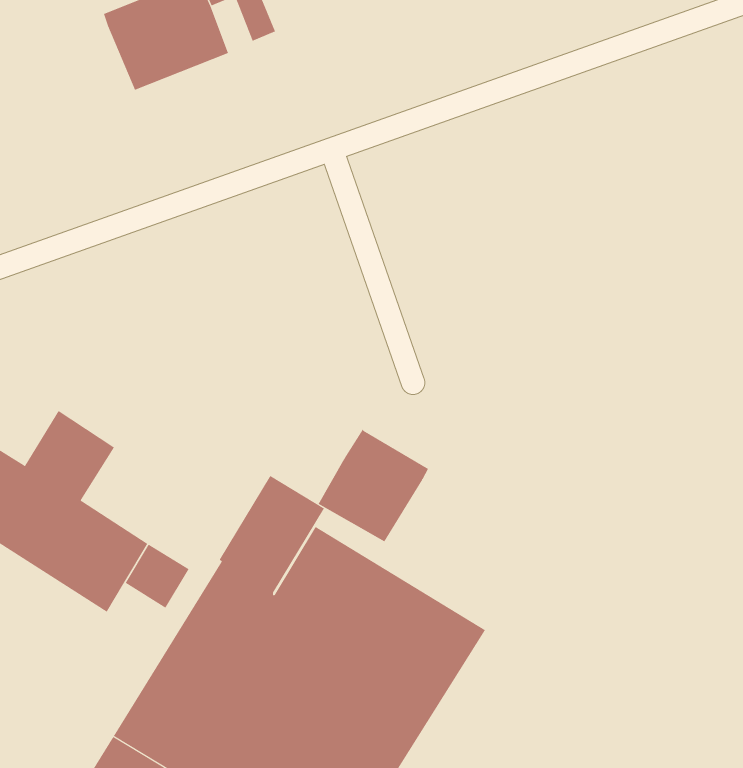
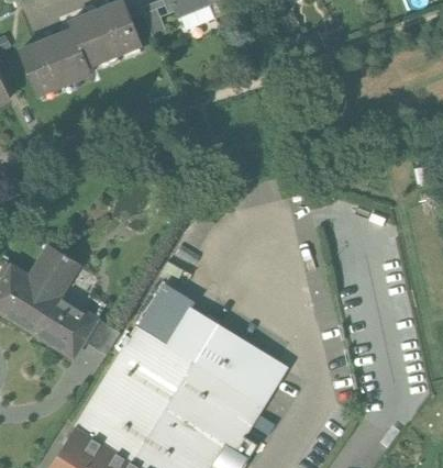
building: none -> [20,30,90,94]
building: [318,428,429,542] -> none

